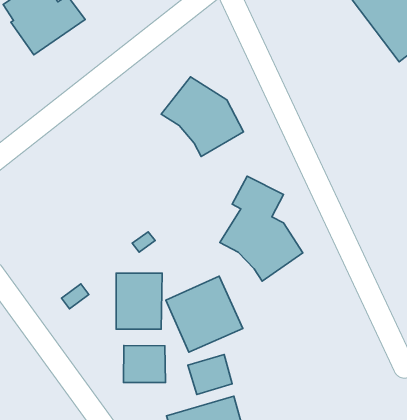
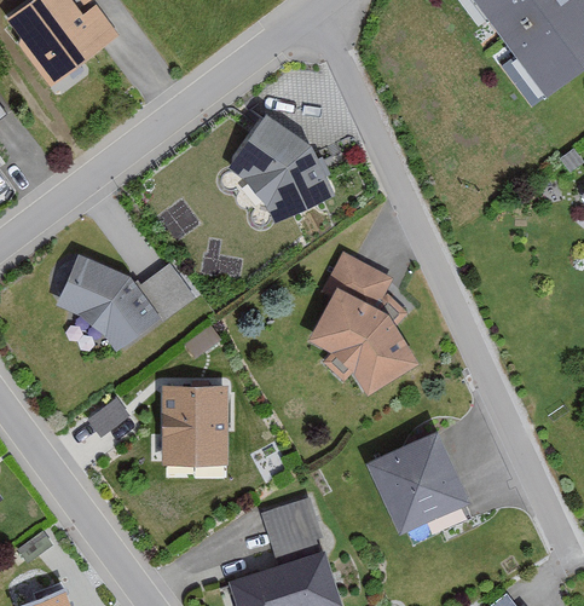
building: none -> [56,254,191,351]
building: [166,276,243,352] -> [366,429,472,533]
building: [123,346,165,382] -> none

